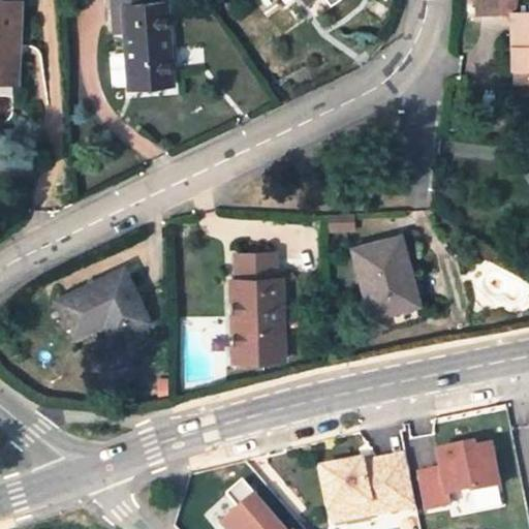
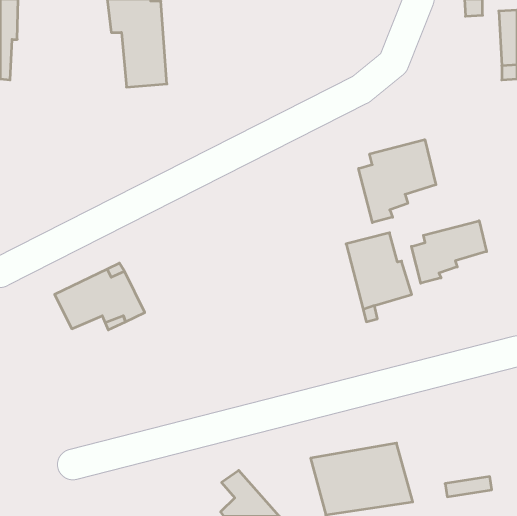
building: none -> [359,140,436,223]
building: none -> [411,221,487,283]
building: [230,253,283,359] -> none
building: [417,437,503,510] -> none

